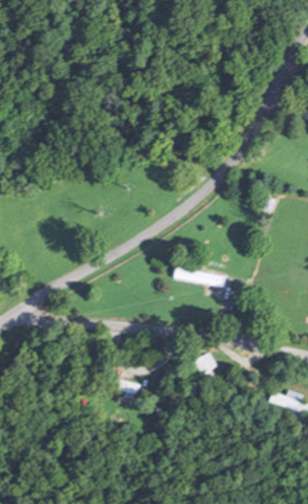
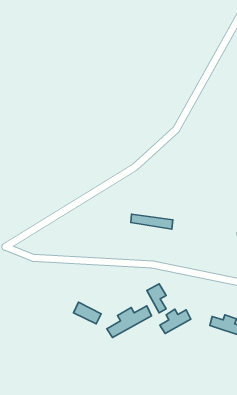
building: none -> [107,306,152,337]
building: none -> [160,309,191,333]

